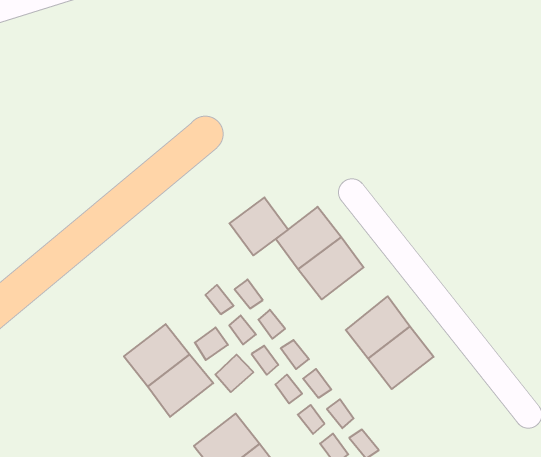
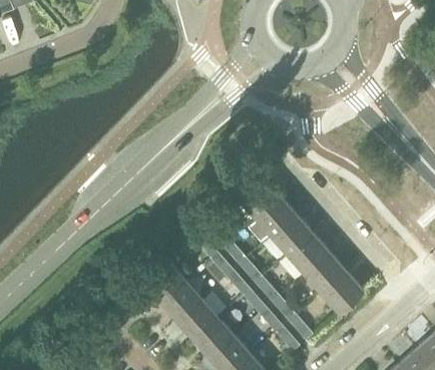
building: [229,197,288,255] -> none
building: none -> [271,216,314,258]
building: none -> [321,272,364,314]
building: none -> [175,299,219,341]

